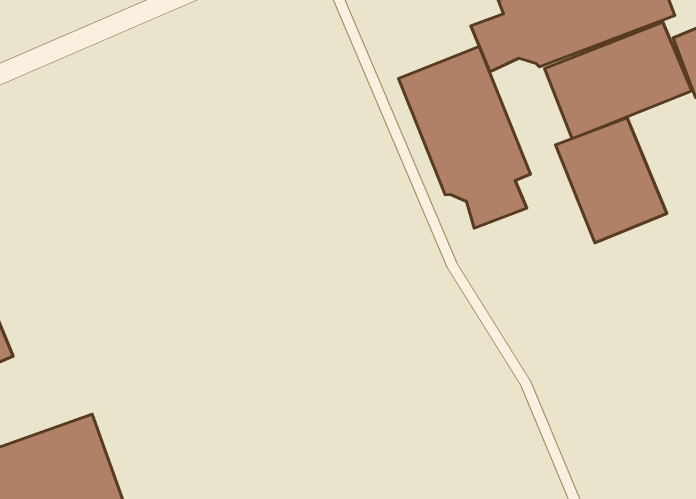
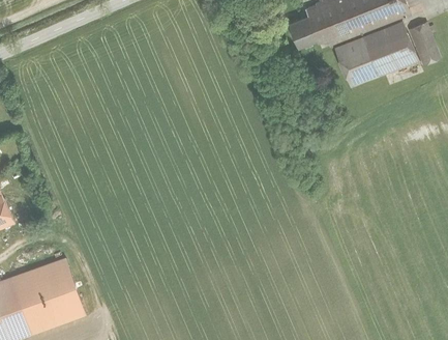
building: [399,46,531,228] -> none
building: [556,118,667,243] -> none

